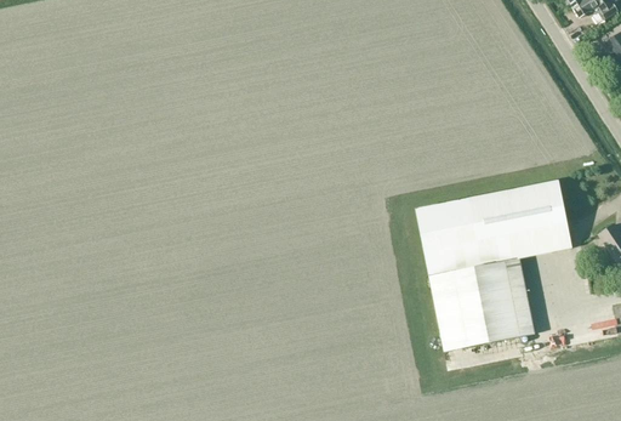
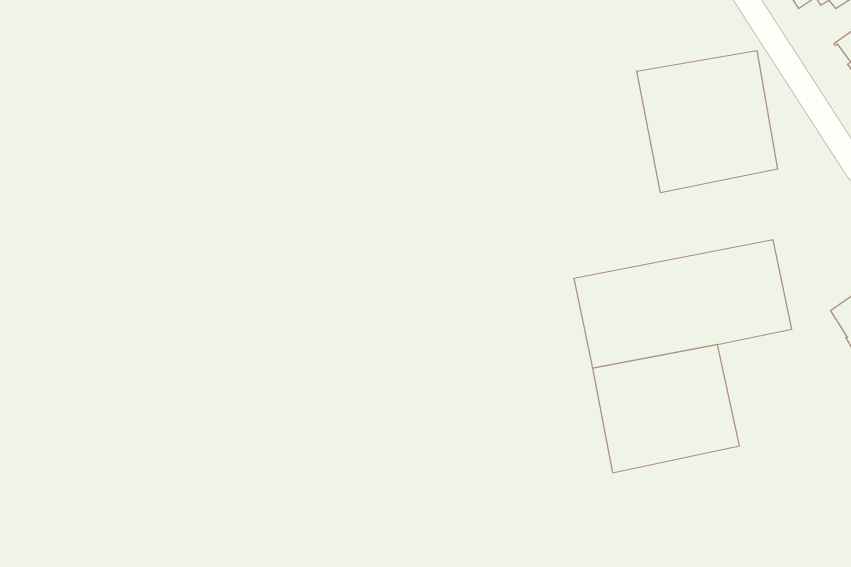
building: none -> [637,51,778,193]

